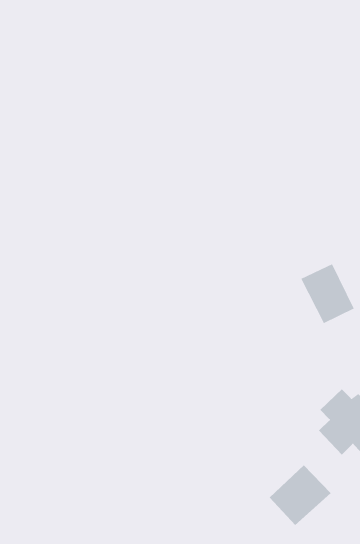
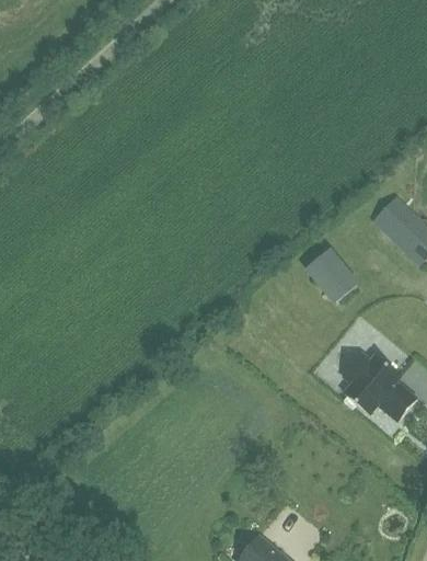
building: [269,465,332,526] -> none

